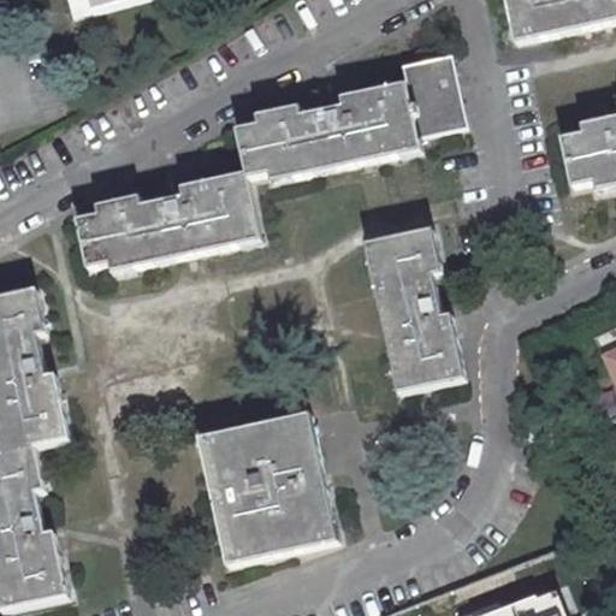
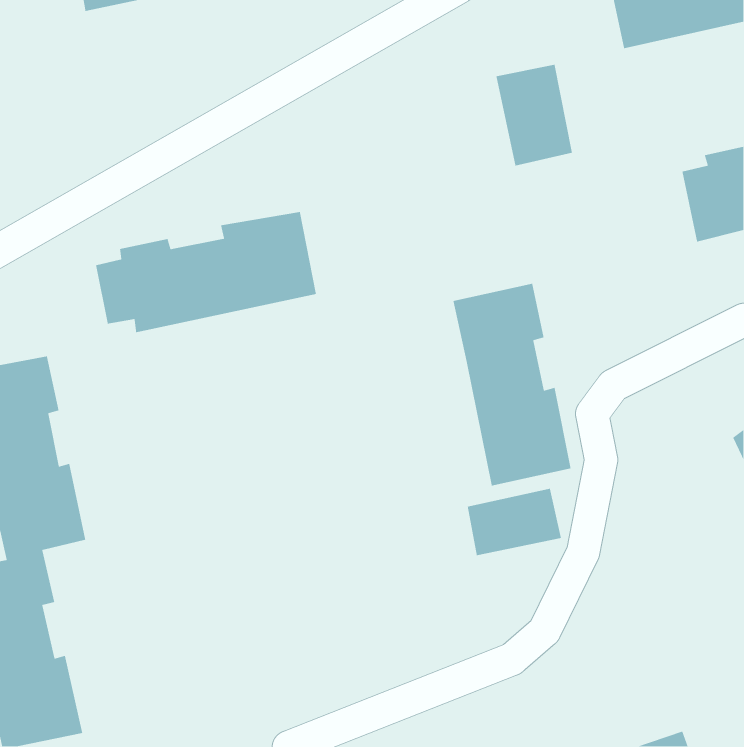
building: [235,81,416,180] -> none
building: none -> [467,488,562,556]
building: [197,413,336,563] -> none

